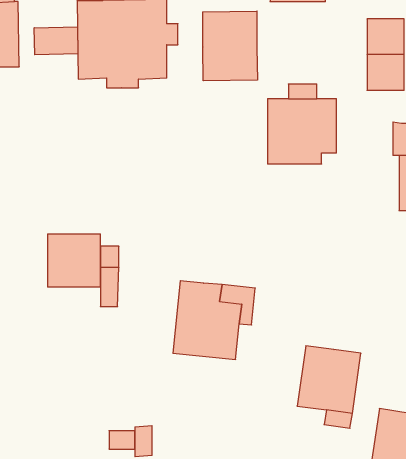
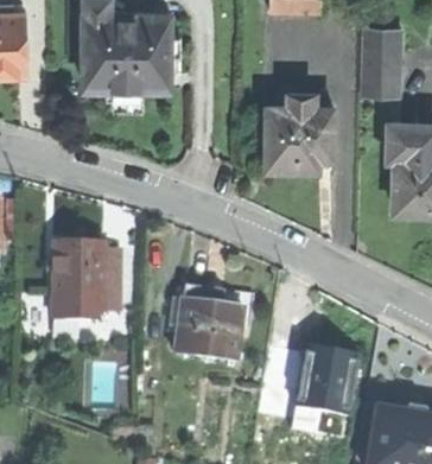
building: [203,11,257,81] -> none
building: [34,27,78,55] -> none
building: none -> [53,290,104,318]

